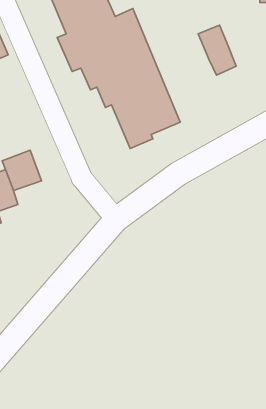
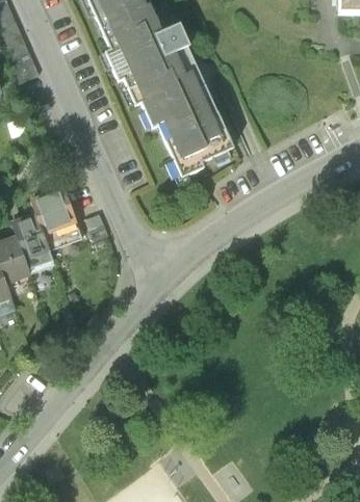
building: [198,25,236,75] -> none

